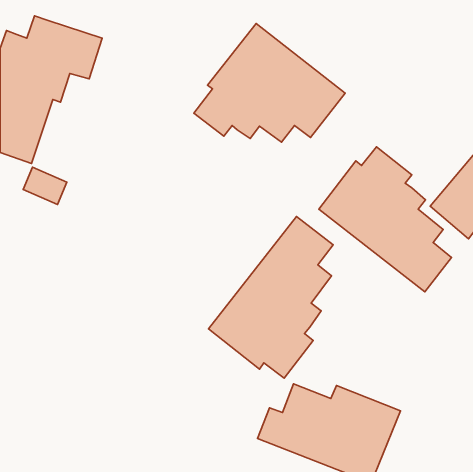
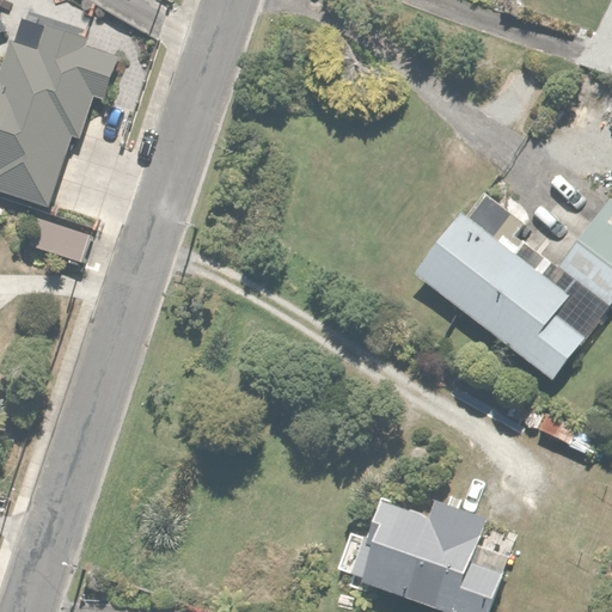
building: [194,24,345,142] -> none
building: [209,216,333,378] -> none

